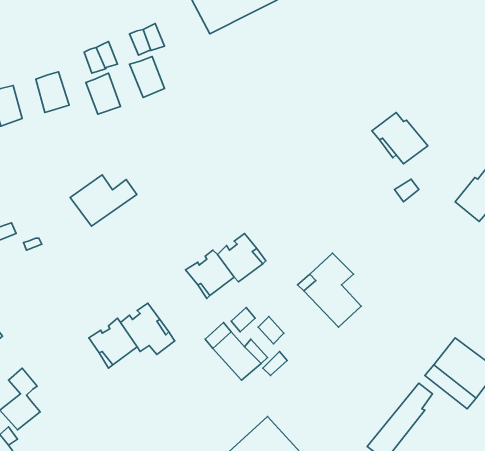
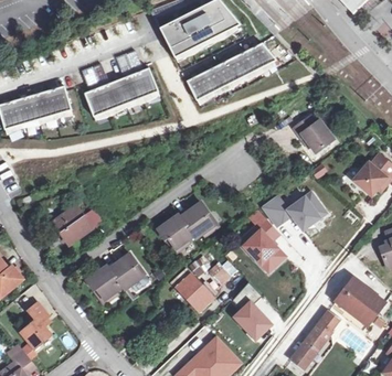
building: none -> [186,42,276,100]
building: none -> [133,67,158,97]
building: none -> [100,79,126,110]
building: none -> [31,90,54,119]
building: [70,175,137,226] -> [52,206,100,244]
building: none -> [261,192,325,229]
building: none -> [231,282,272,339]

